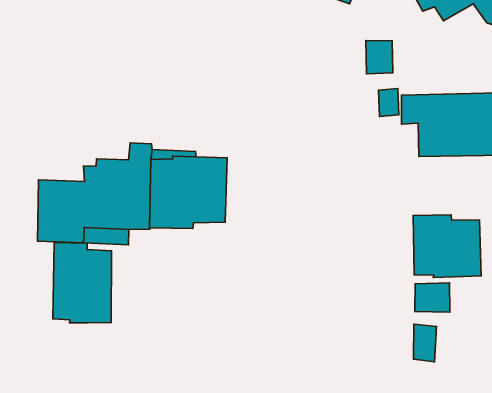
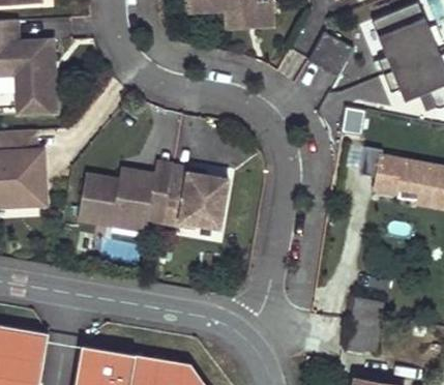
building: [413,215,481,278] -> none
building: [53,242,112,323] -> none

